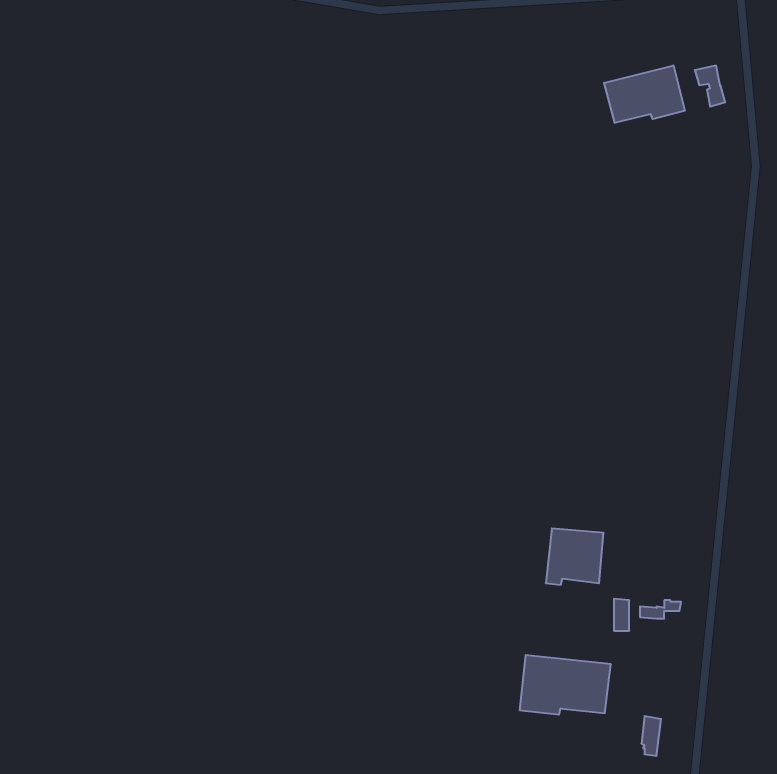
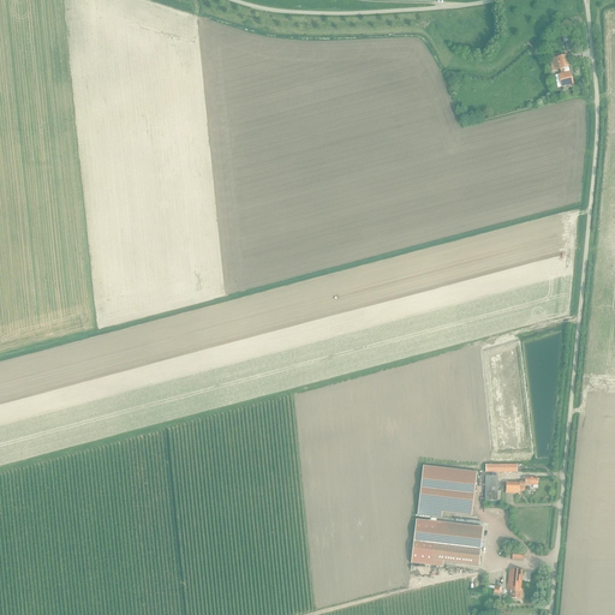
building: [604,65,685,123] -> none
building: [546,528,604,585] -> [428,470,473,514]

